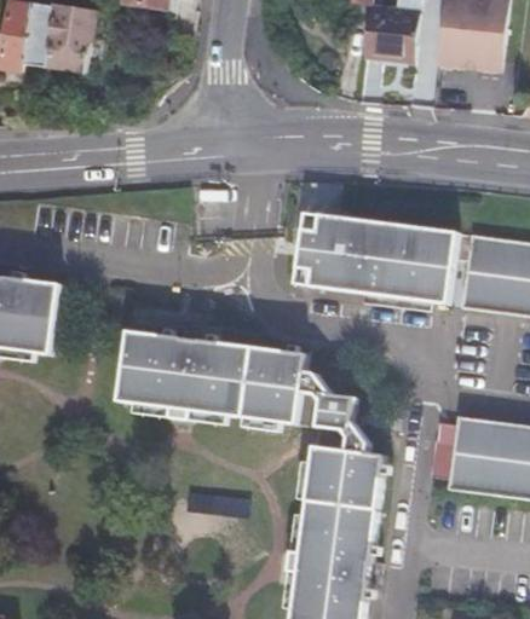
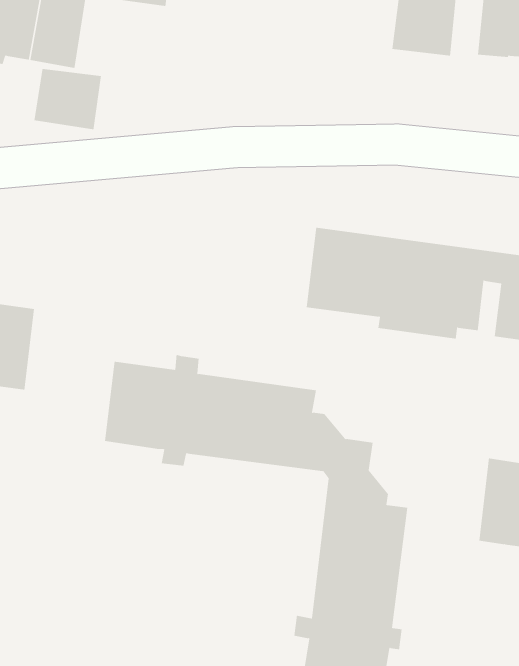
building: none -> [34,68,102,130]

